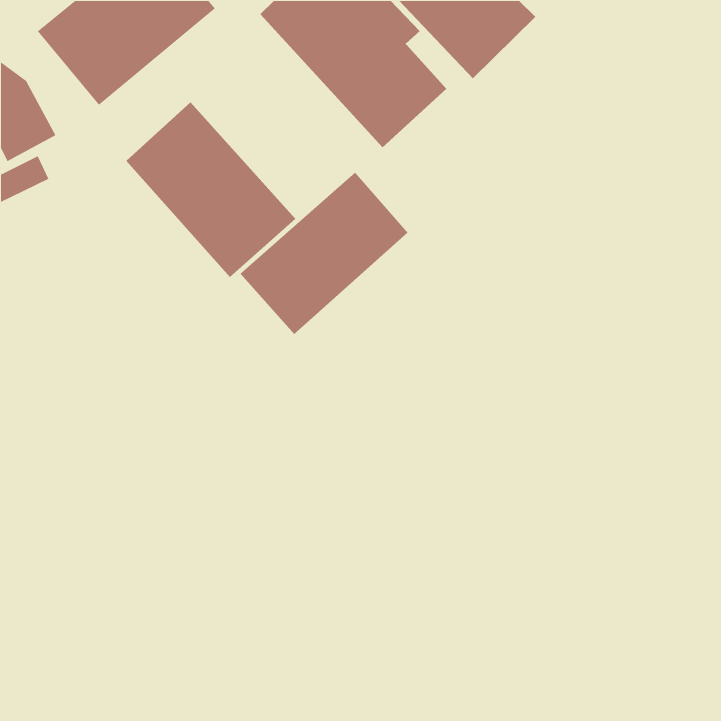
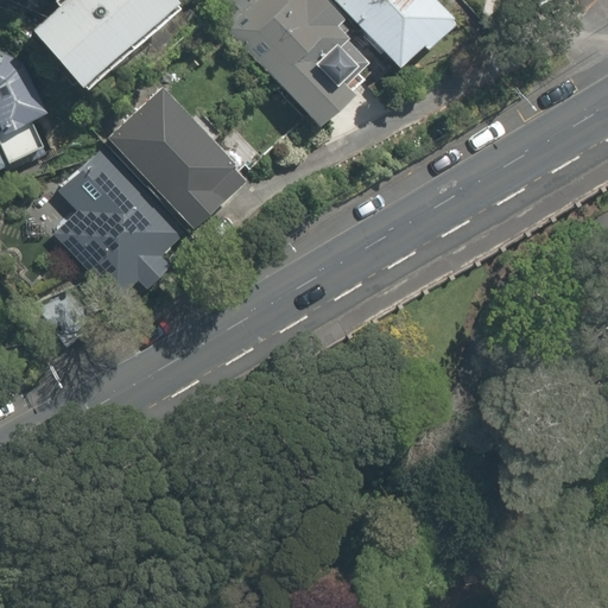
building: [240,172,408,335] -> none
building: none -> [56,154,179,294]

